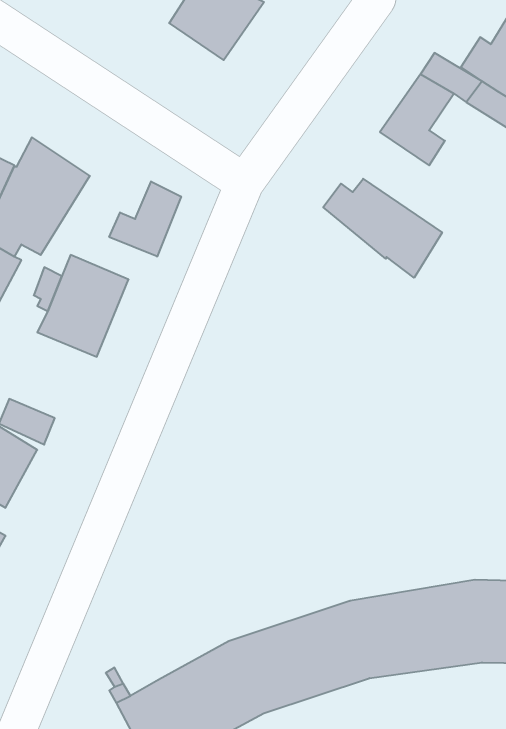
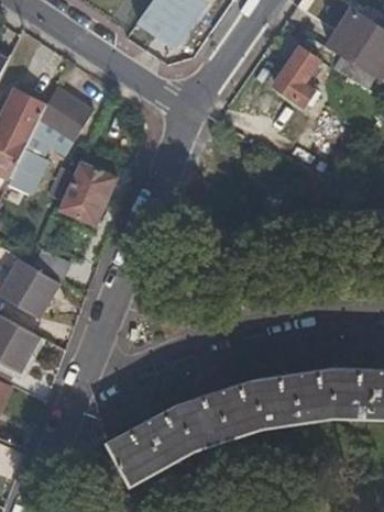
building: [323,179,442,278] -> none
building: [109,181,181,257] -> none

